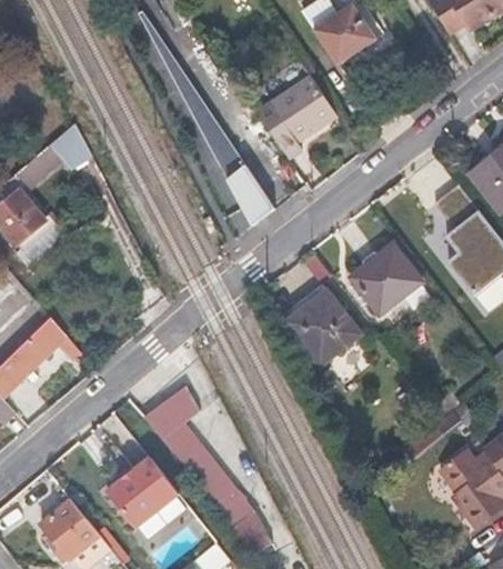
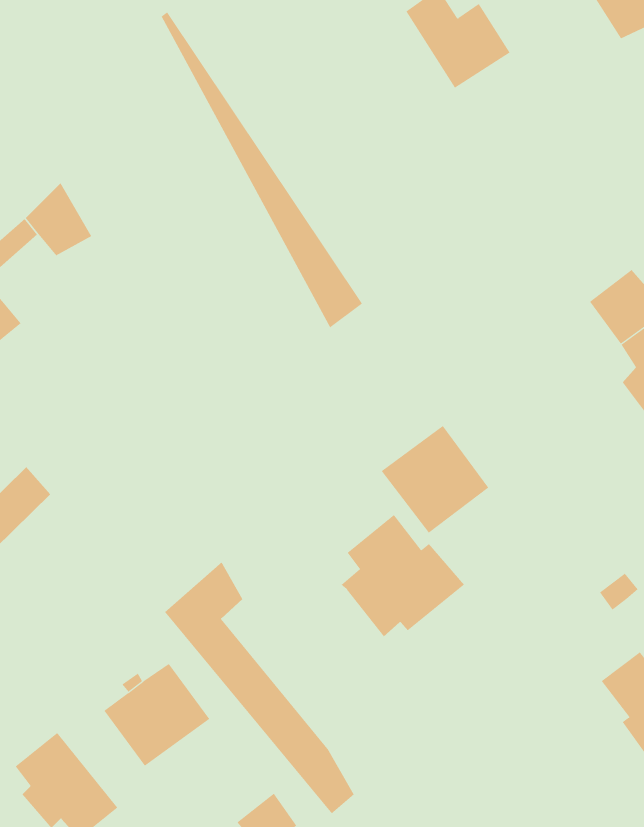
building: [260,78,340,160] -> none
building: [352,243,424,316] -> none
building: none -> [341,514,465,637]

